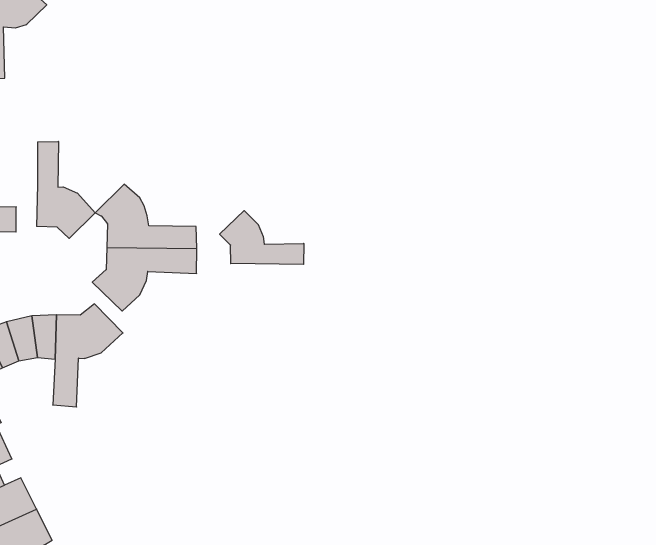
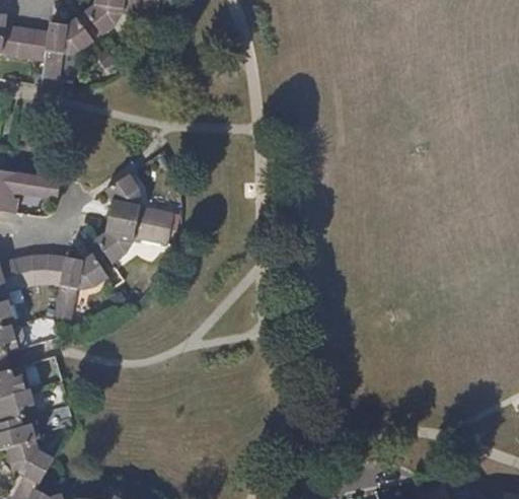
building: [37,141,95,238] -> none
building: [220,211,304,264] -> none

